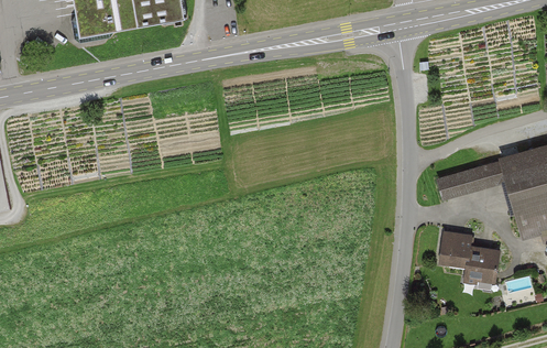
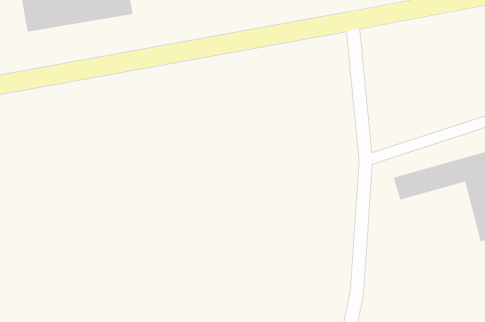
building: [440,229,502,282] -> none

